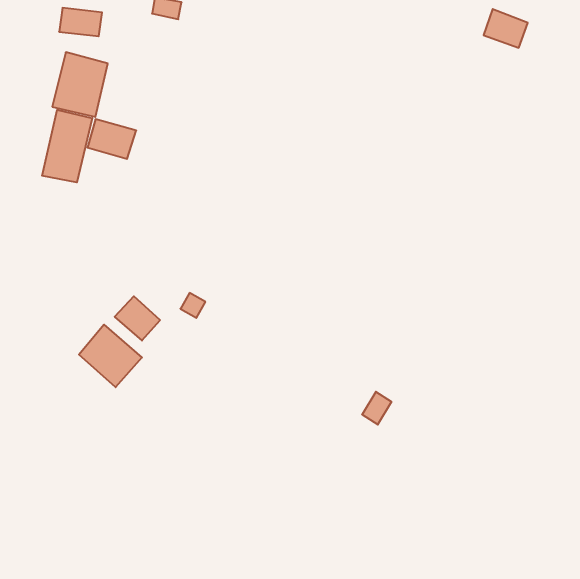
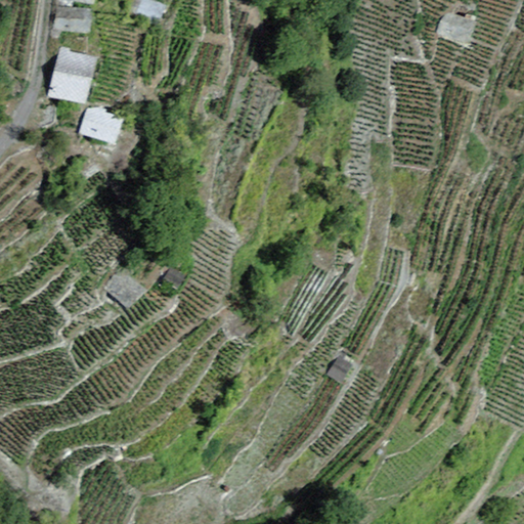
building: [42,110,92,182] -> none
building: [79,325,142,387] -> none

